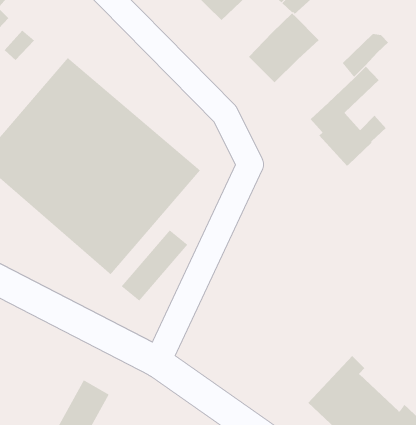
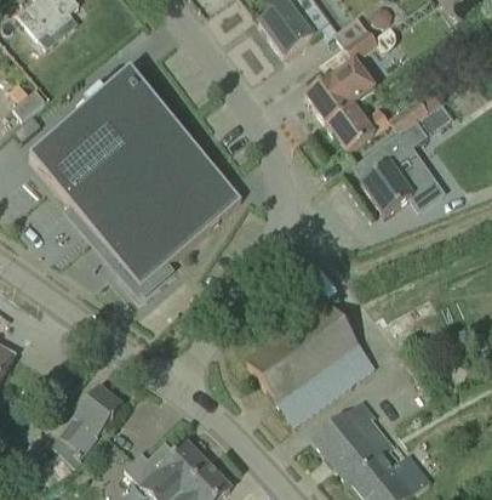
building: none -> [326,104,389,153]
building: [121,230,188,302] -> none
building: none -> [247,285,376,425]

